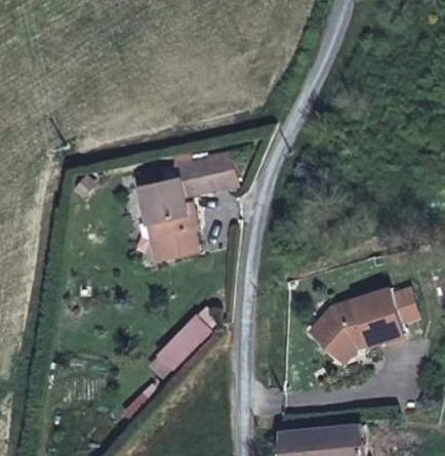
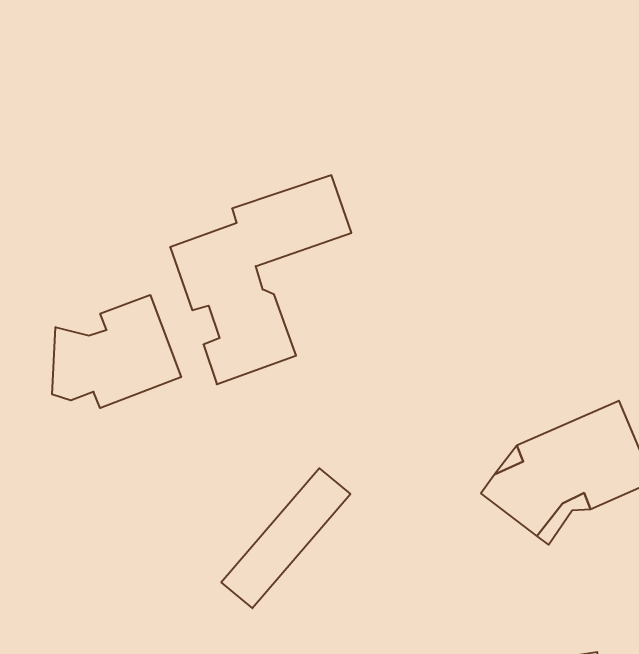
building: none -> [52,295,181,408]

